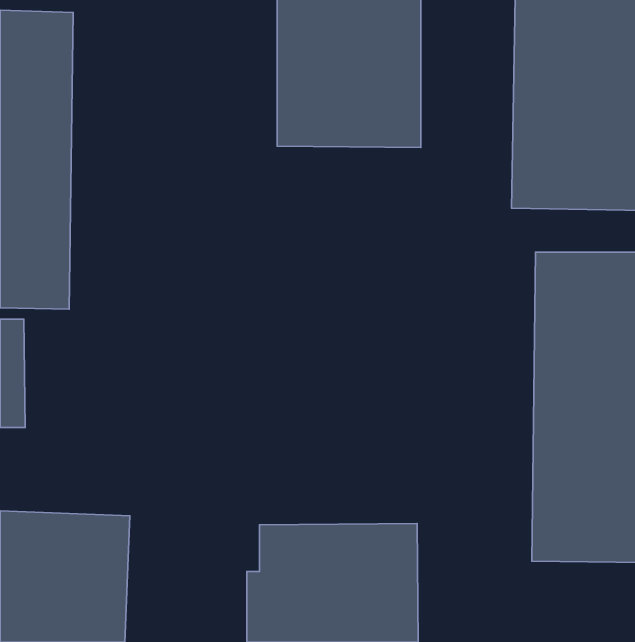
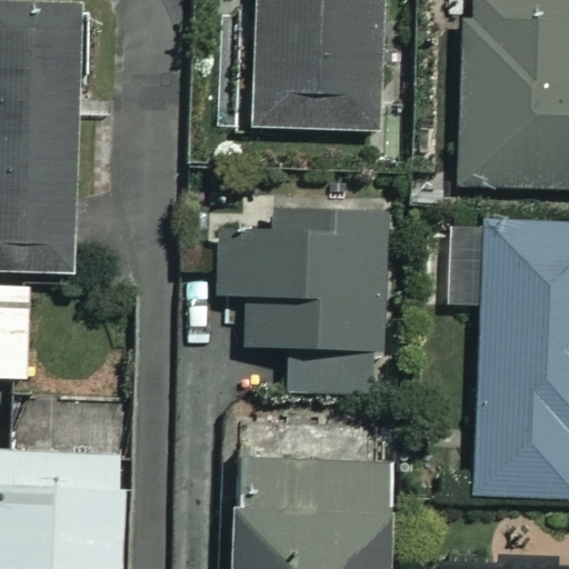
building: none -> [216,208,387,406]

